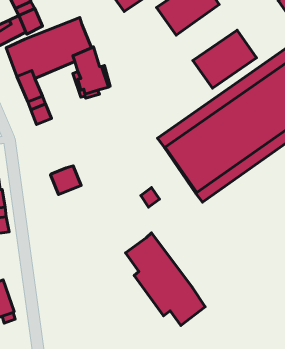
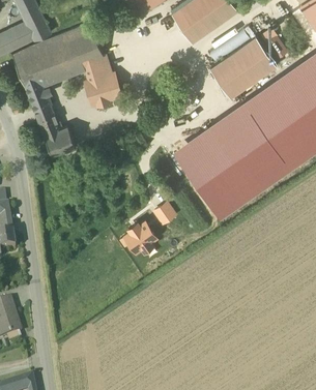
building: [51,166,81,194] -> [44,127,76,157]
building: none -> [120,221,155,251]
building: [125,233,205,325] -> none

